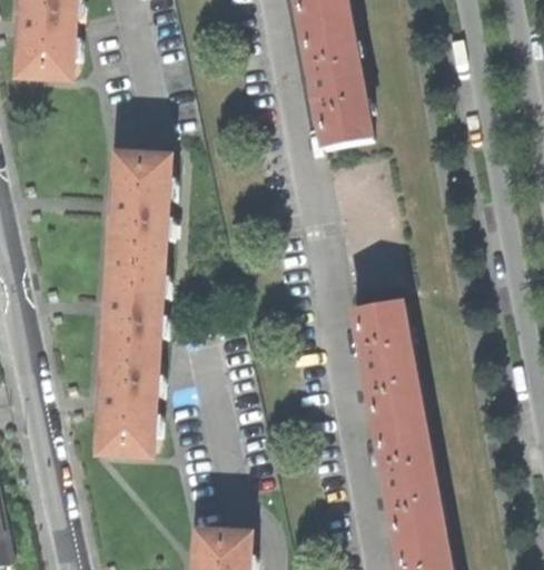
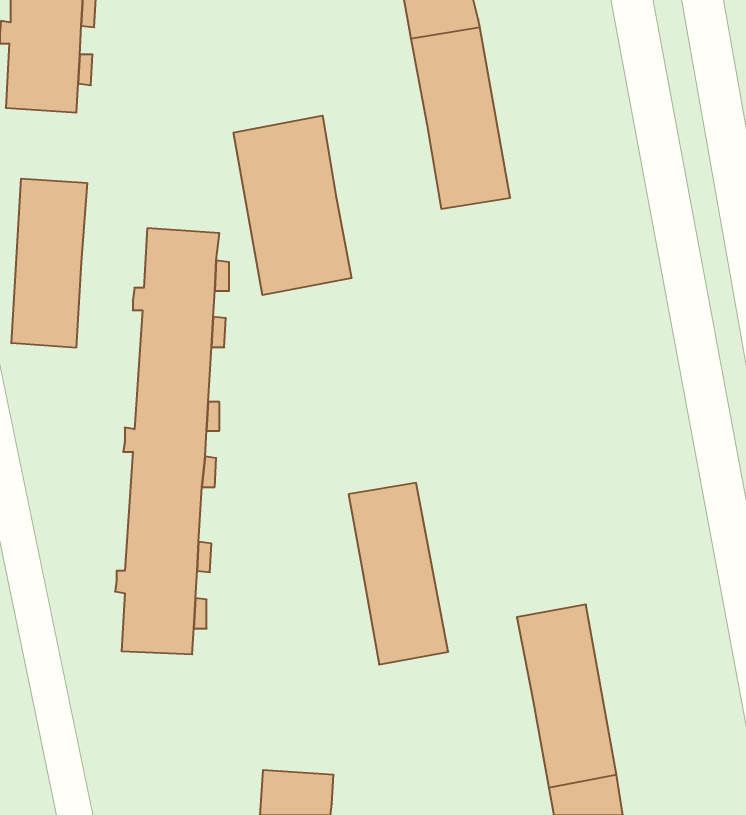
building: none -> [234,116,352,295]
building: none -> [11,179,87,348]
building: [352,302,421,428] -> [349,483,448,665]

